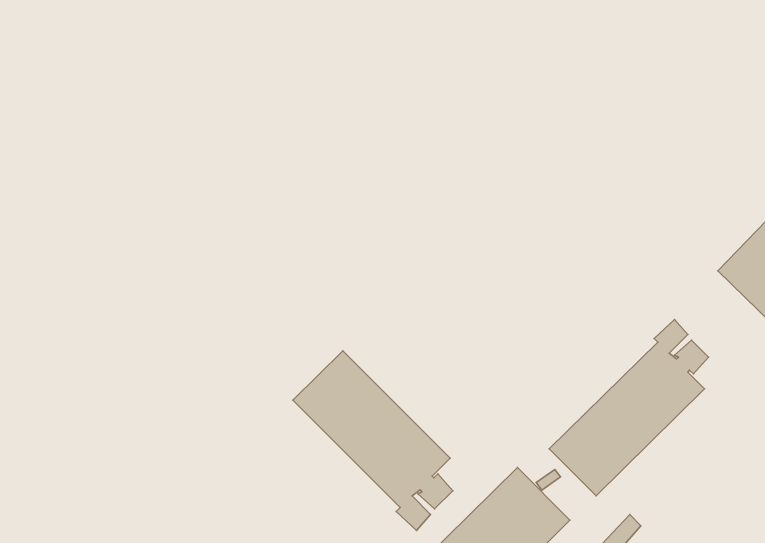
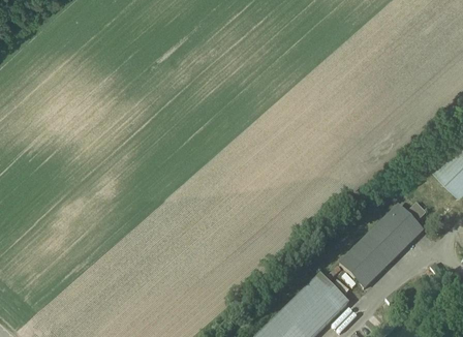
building: [293,351,453,530] -> none

